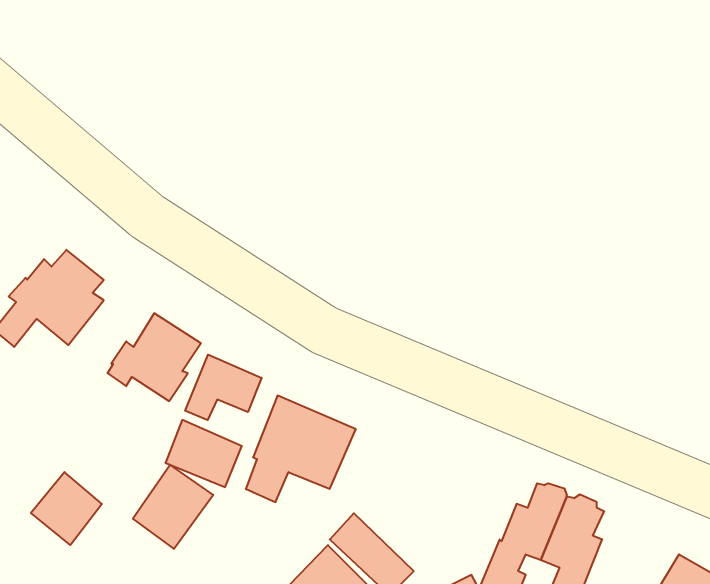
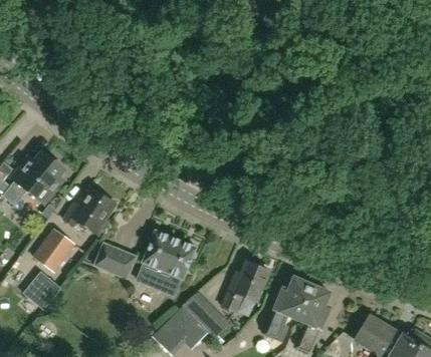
building: [185,355,262,420] -> none
building: none -> [222,262,268,312]
building: [133,465,213,549] -> [32,229,75,274]

